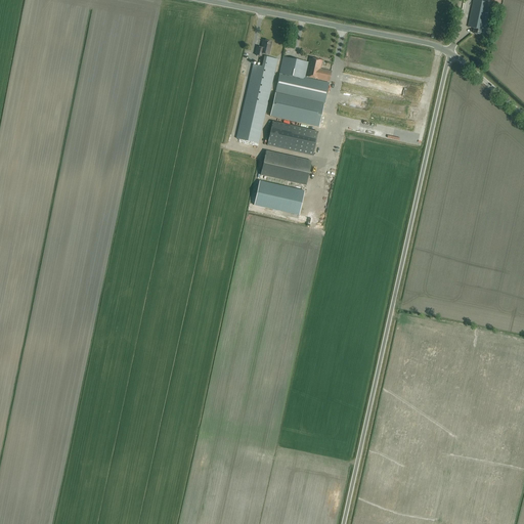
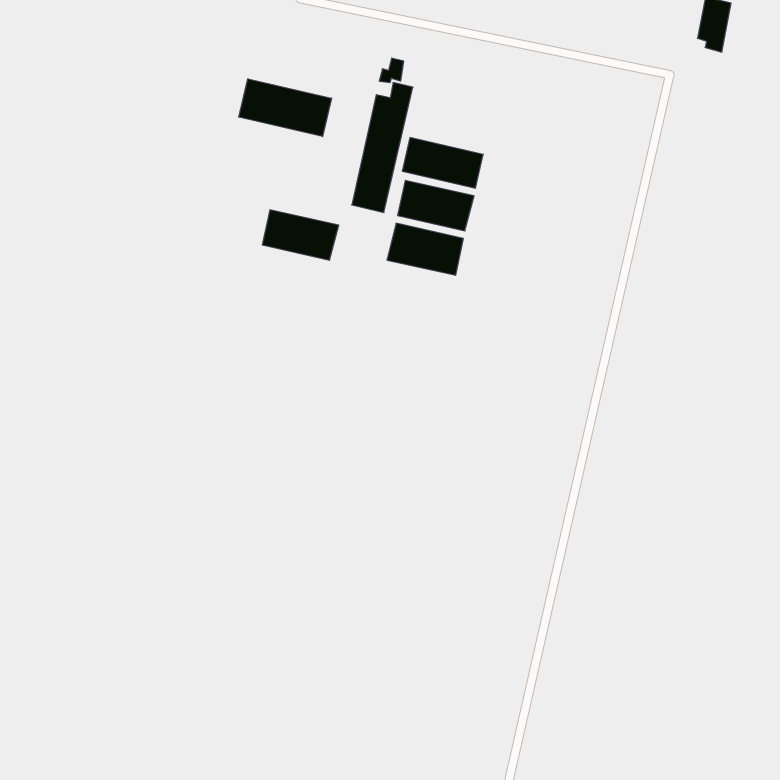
building: none -> [239,79,332,137]
building: [274,56,331,103] -> none
building: [253,180,304,214] -> [262,210,339,260]

